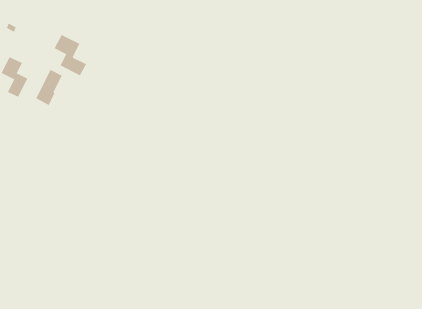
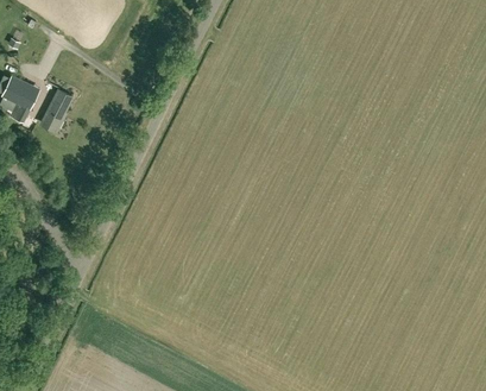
building: [54,34,87,76] -> none

